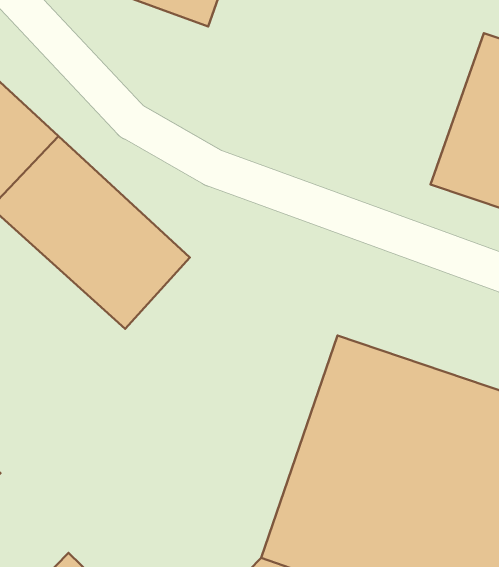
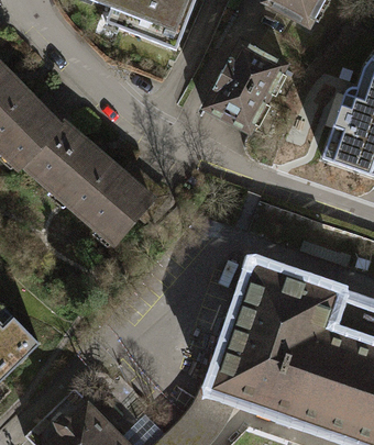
building: none -> [200,41,283,132]

